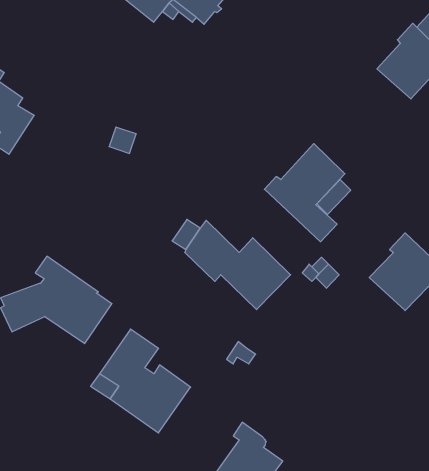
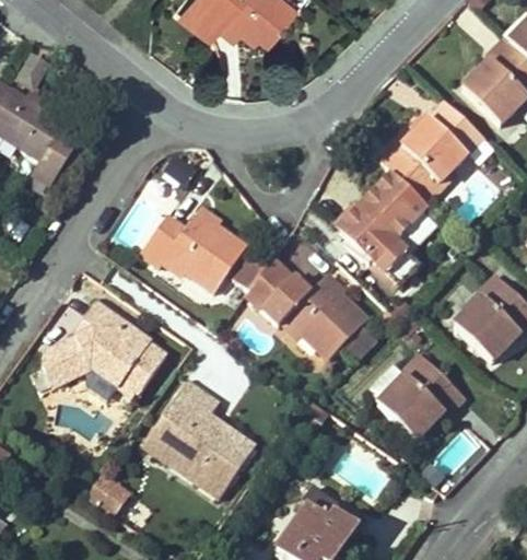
building: none -> [380,102,484,205]
building: none -> [142,214,247,293]
building: none -> [379,352,466,439]
building: none -> [83,469,132,516]

